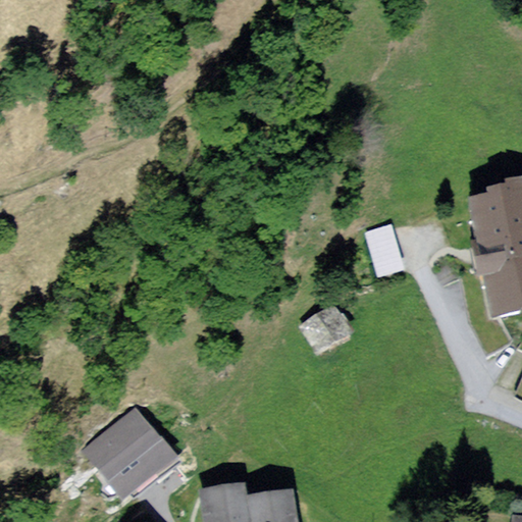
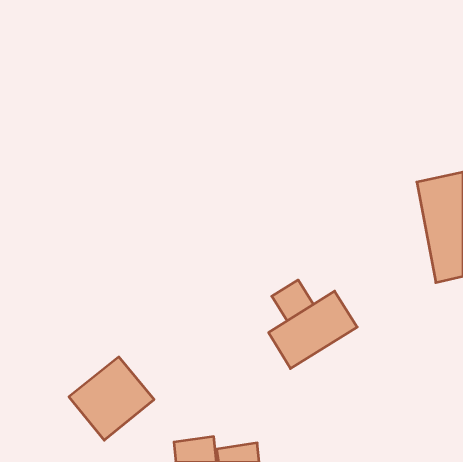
building: [368,224,407,277] -> none
building: none -> [269,291,357,369]

